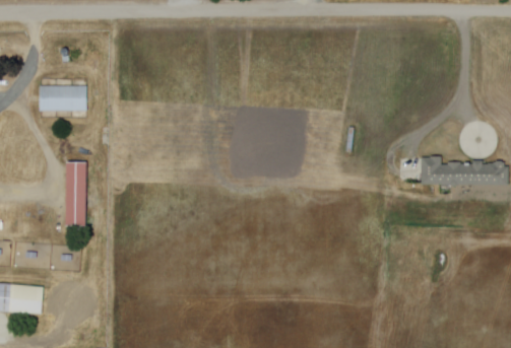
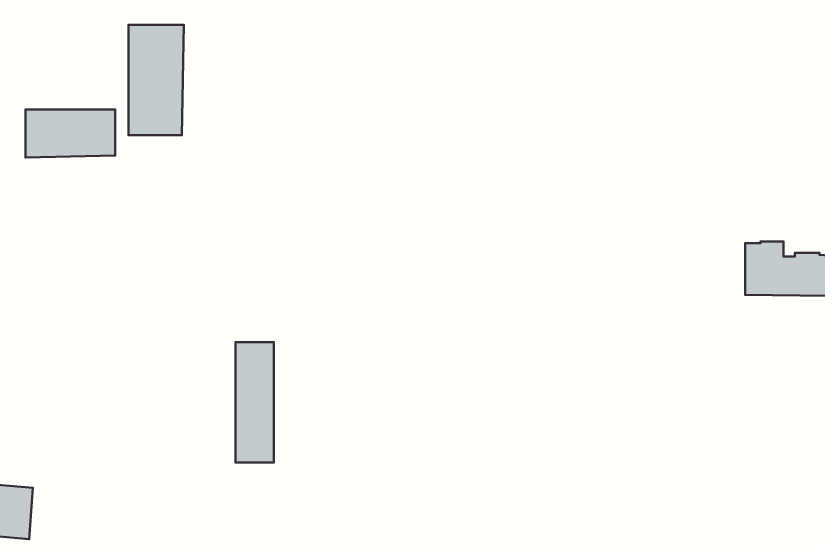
building: none -> [129,25,184,135]
building: [65,163,85,227] -> [236,342,274,462]

